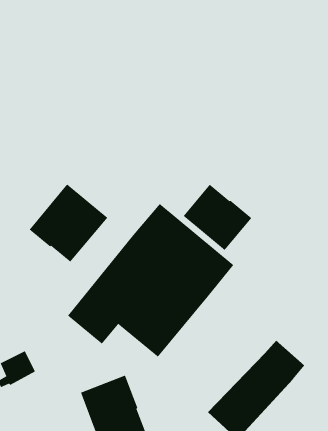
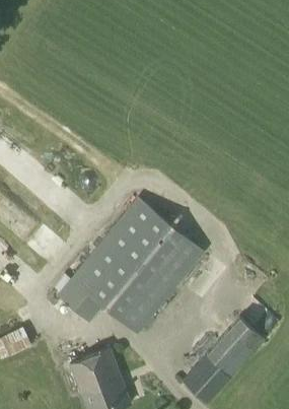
building: [29,183,108,263] -> none
building: [183,184,252,251] -> none

